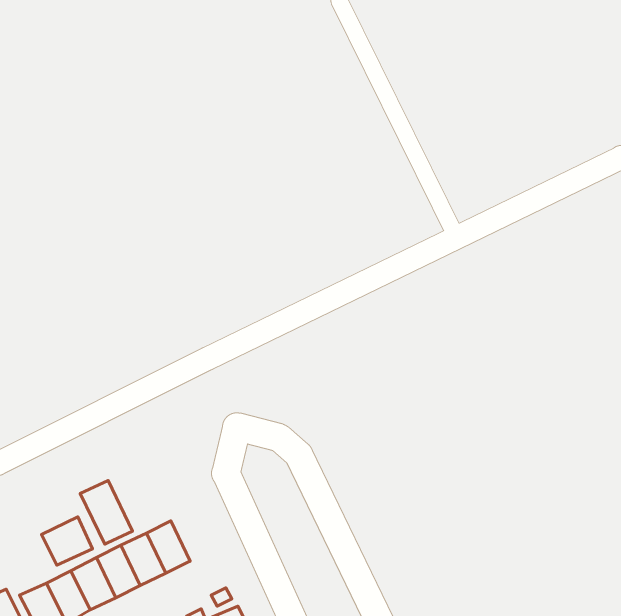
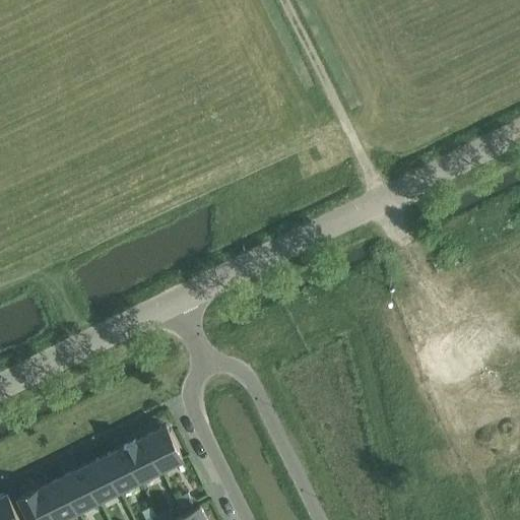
building: [80,480,133,544] -> none
building: none -> [142,430,181,473]
building: [42,517,92,565] -> none

